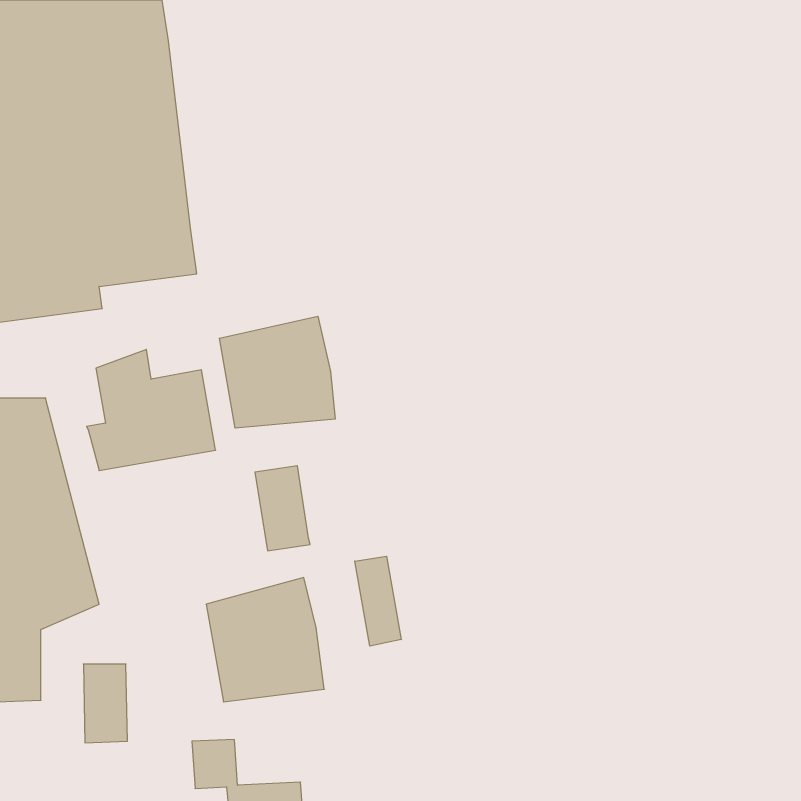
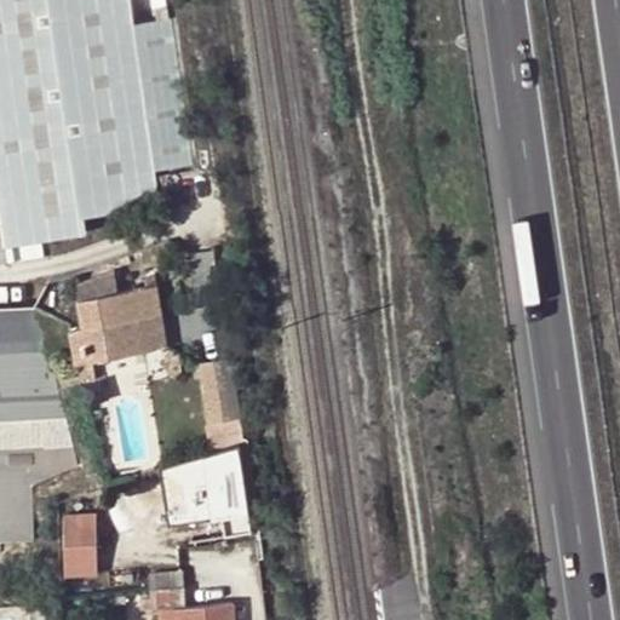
building: none -> [130,29,185,178]
building: [219,316,335,428] -> none
building: [355,556,401,646] -> none

